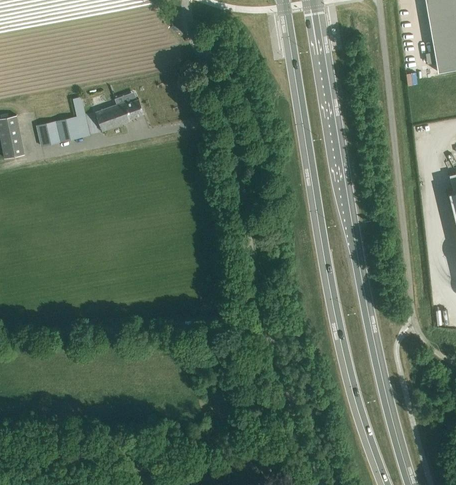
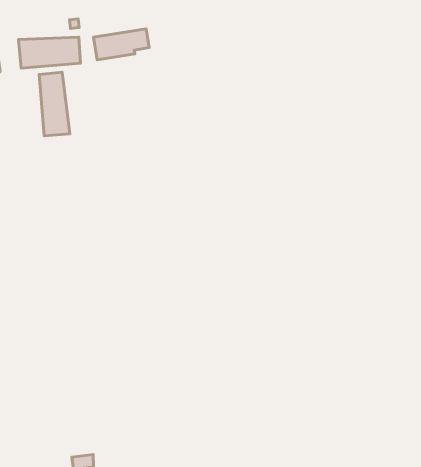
building: none -> [39,72,70,136]

